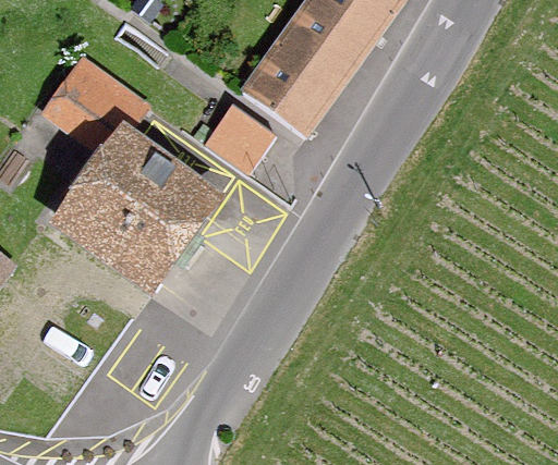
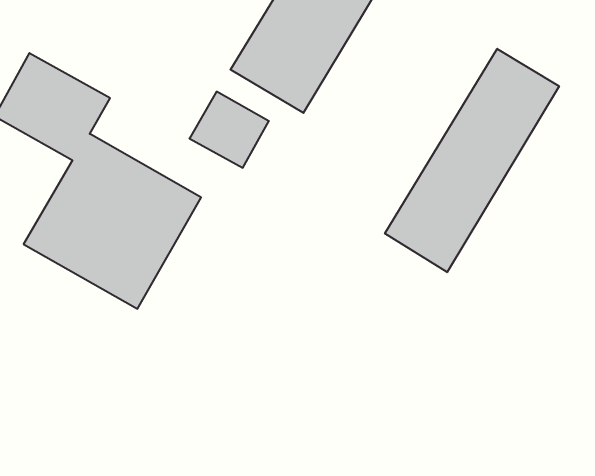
building: none -> [385,49,559,272]

